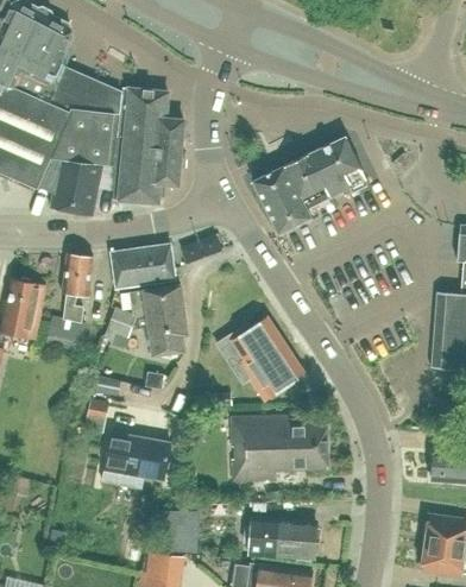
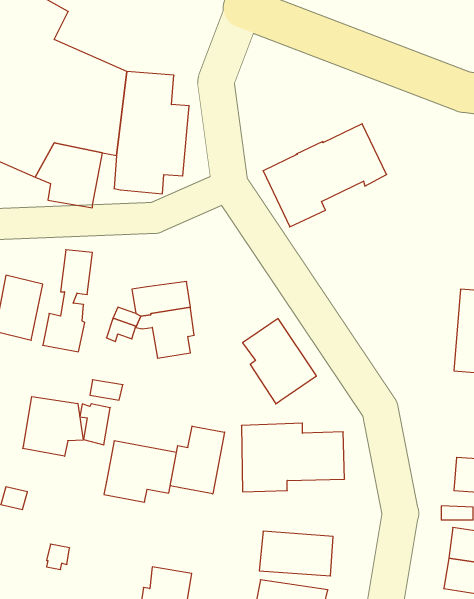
building: [112,245,176,288] -> none
building: none -> [23,397,83,456]
building: none -> [170,426,225,494]

